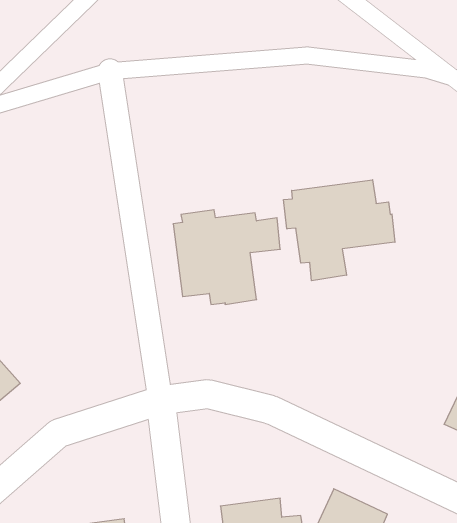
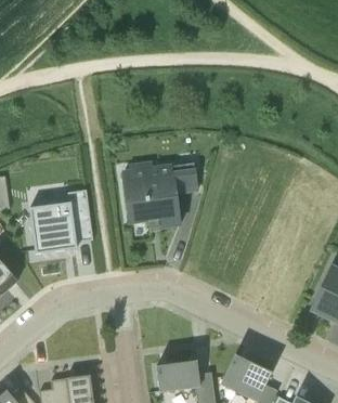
building: [284,180,395,281] -> none
building: none -> [29,190,93,255]

